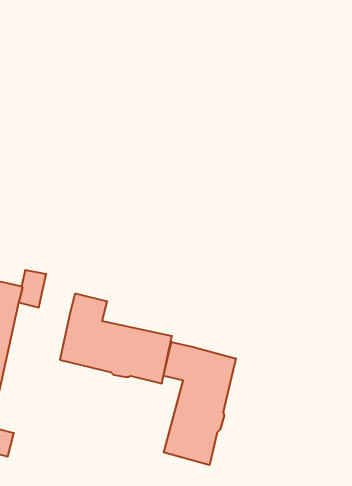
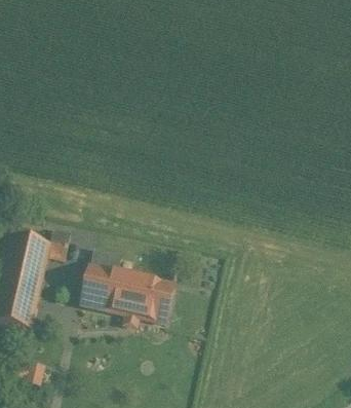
building: [163,342,236,465] -> none

